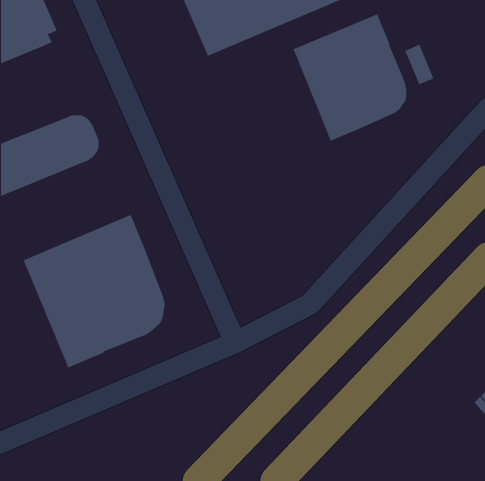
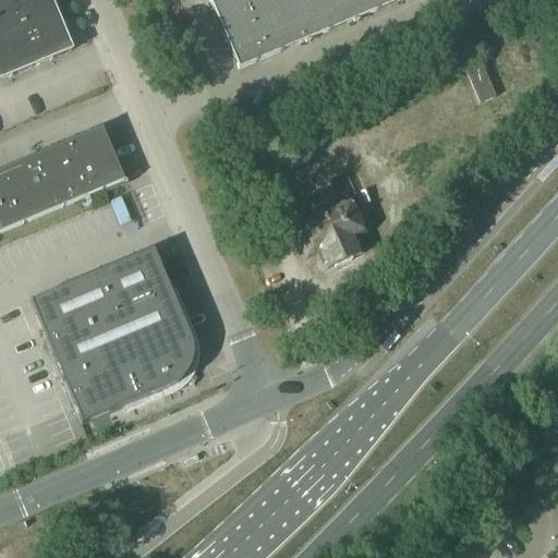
building: [293,14,407,141] -> none
building: none -> [294,195,365,264]

